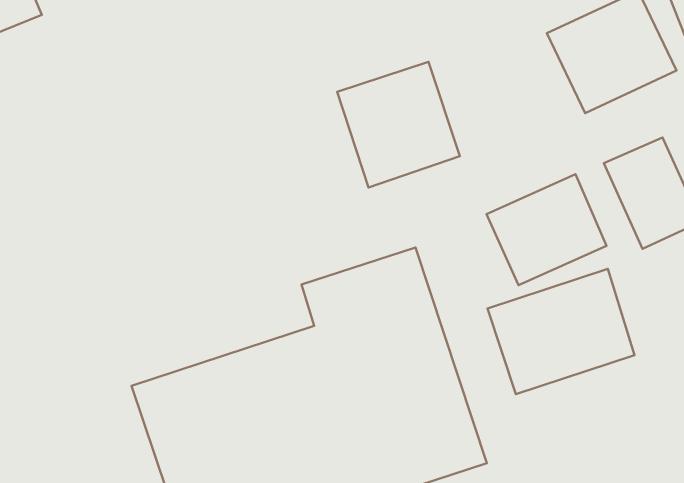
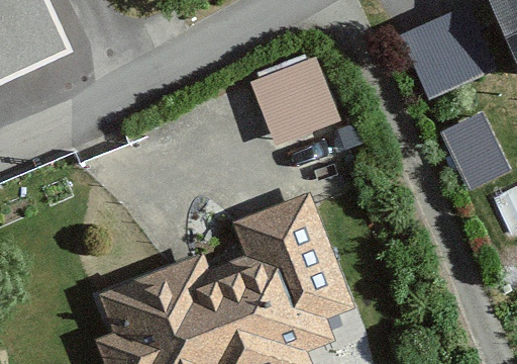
building: [487,174,606,285] -> none
building: [488,269,635,394] -> none

